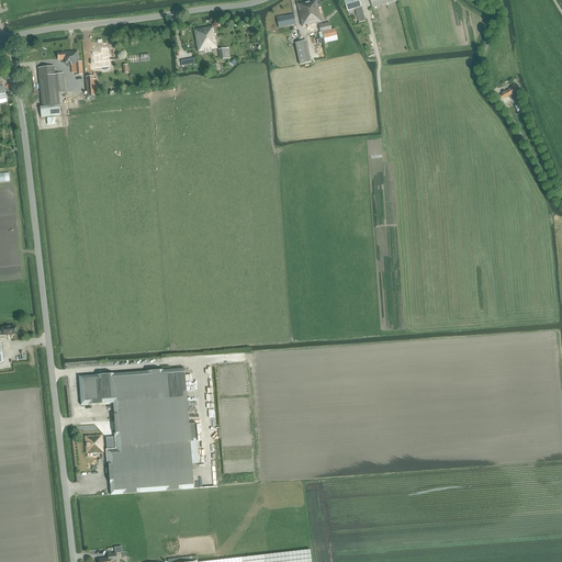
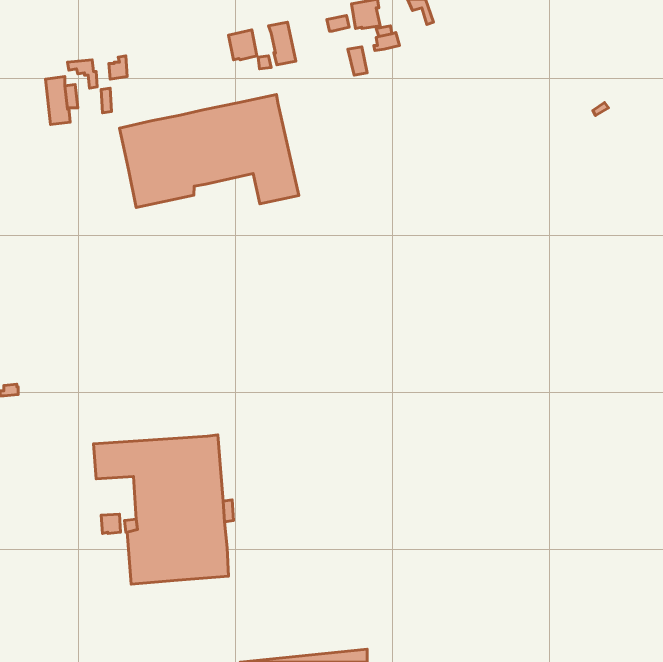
building: none -> [269,22,296,65]
building: none -> [120,94,299,207]

